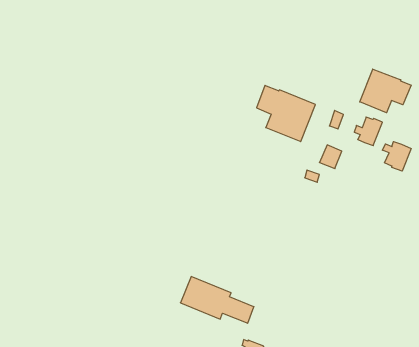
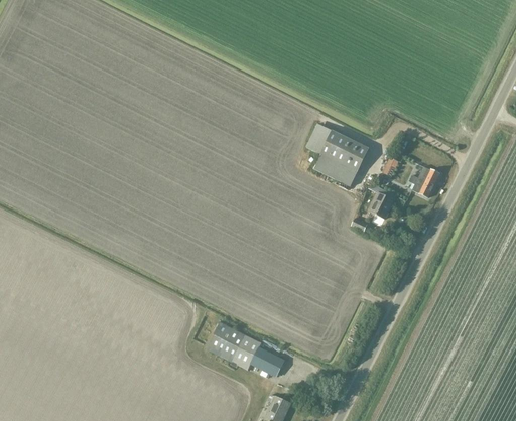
building: [360,69,411,113] -> none
building: [382,142,411,171] -> none

